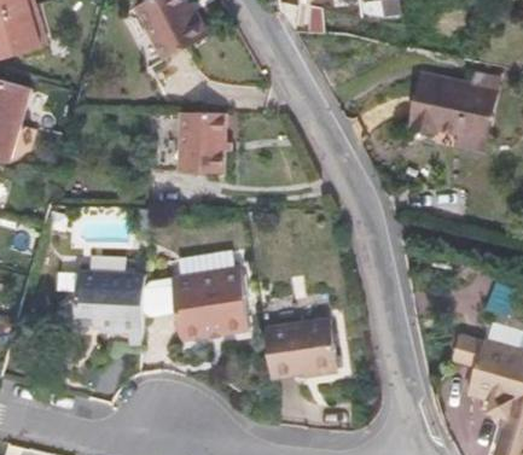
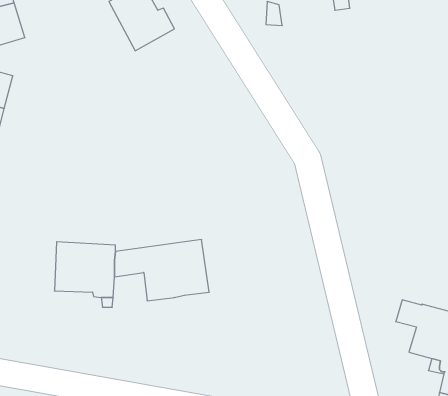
building: [413,78,493,146] -> none
building: [179,111,226,169] -> none
building: [262,319,336,377] -> none

